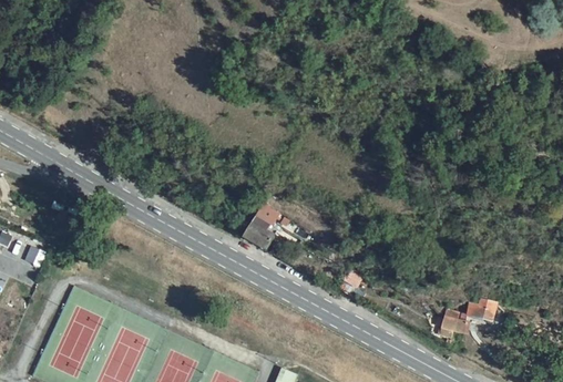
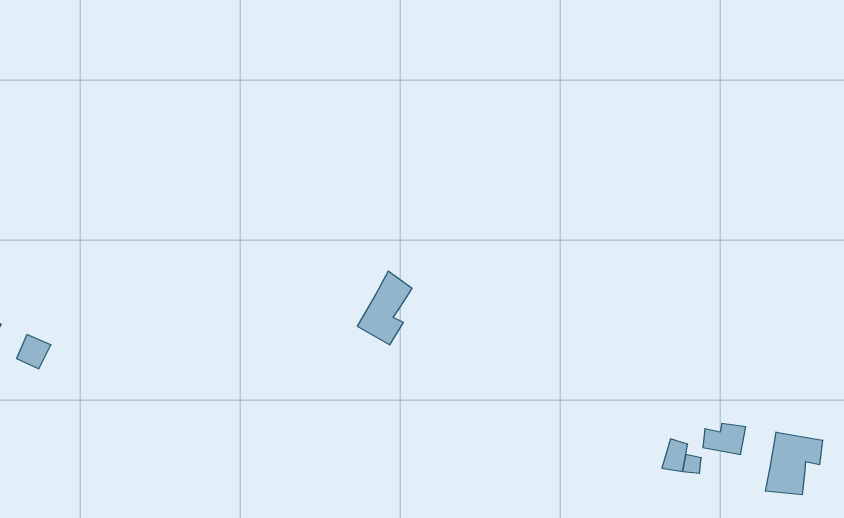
building: none -> [765,432,823,495]

